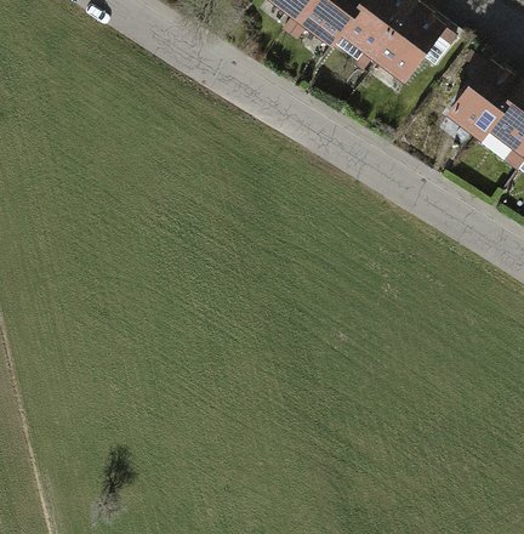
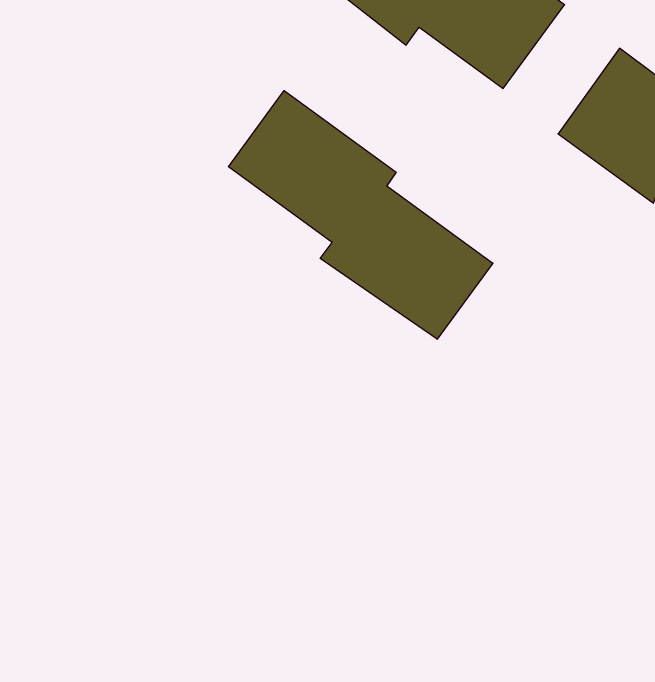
building: none -> [228,91,493,339]

